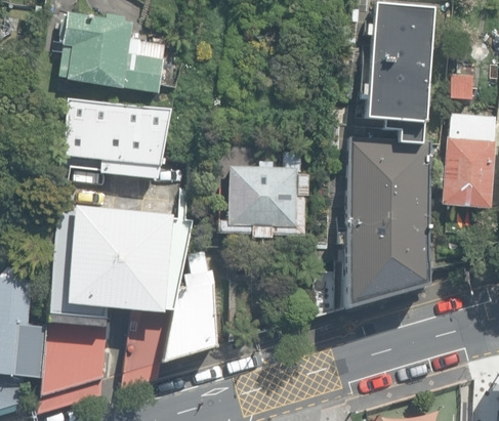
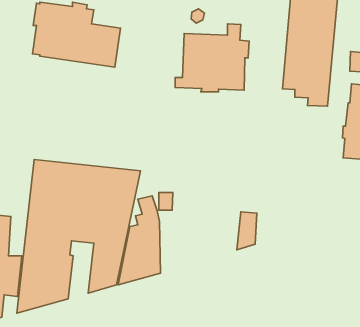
building: [61,98,174,180] -> none
building: [344,136,432,308] -> none
building: [219,154,310,238] -> [175,24,249,92]

